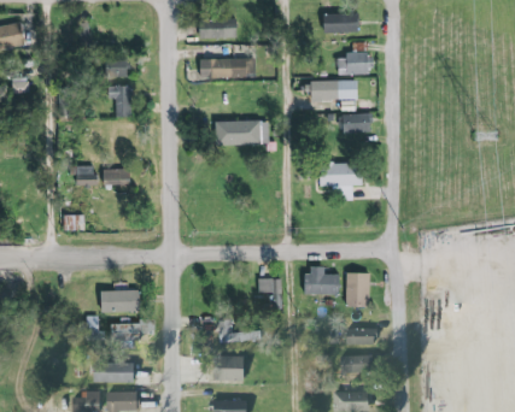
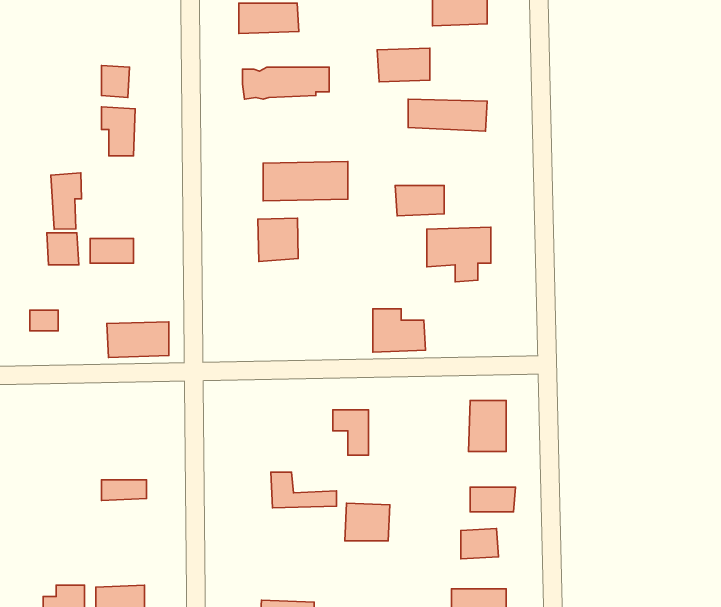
building: [336,53,370,75] -> [377,48,430,82]
building: [340,113,371,133] -> [395,186,444,216]
building: none -> [51,173,82,229]
building: none -> [258,218,298,261]
building: [305,266,339,294] -> [373,309,426,352]
building: [99,289,139,312] -> [107,322,169,357]
building: [215,355,244,379] -> [345,503,390,541]
building: [95,364,135,383] -> none

